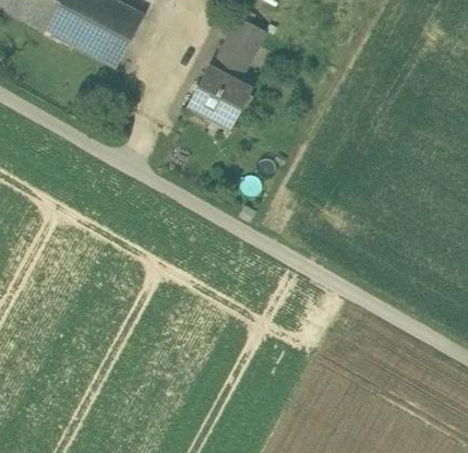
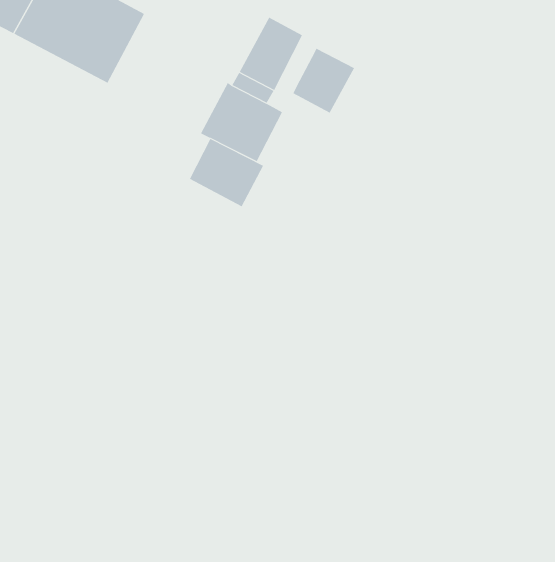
building: none -> [293,48,355,113]
building: none -> [189,138,264,207]

